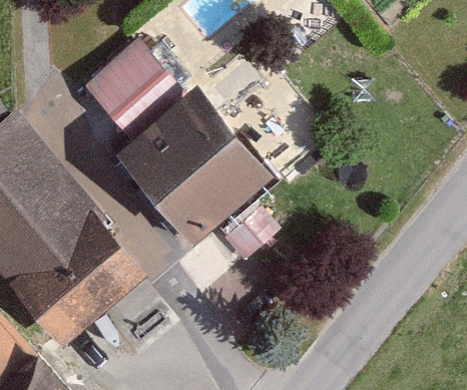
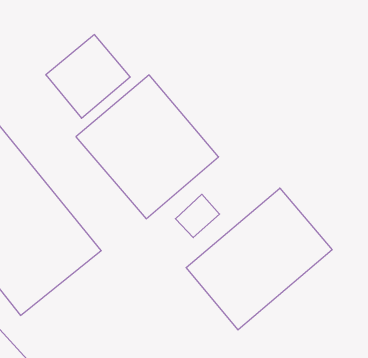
building: none -> [186,188,332,330]

